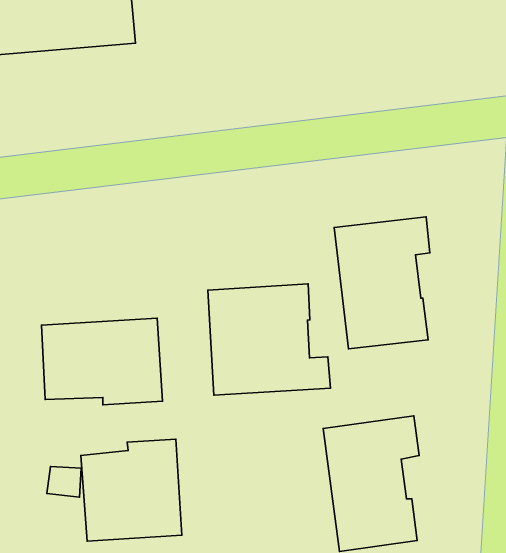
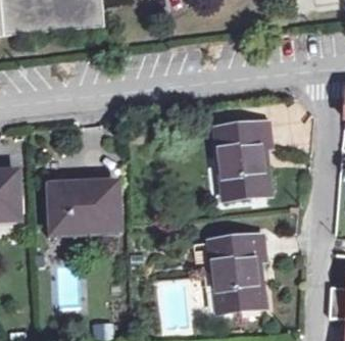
building: [208,284,330,395] -> none
building: [81,439,182,541] -> none

